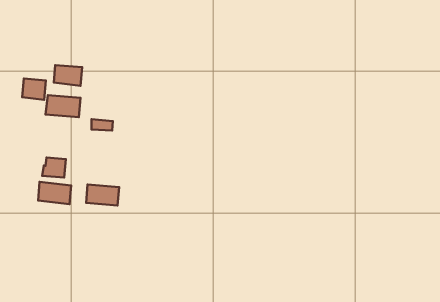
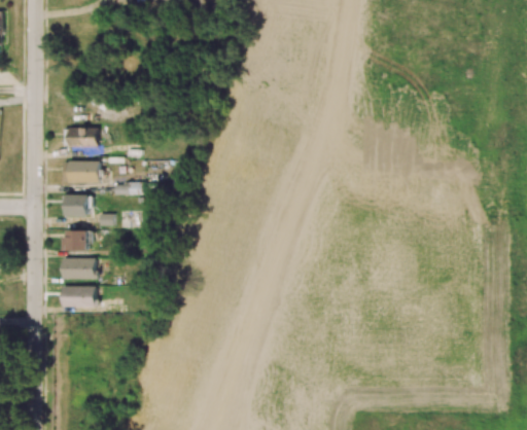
building: [22,79,46,100] -> [64,195,89,217]
building: [86,184,119,206] -> [62,287,97,308]

